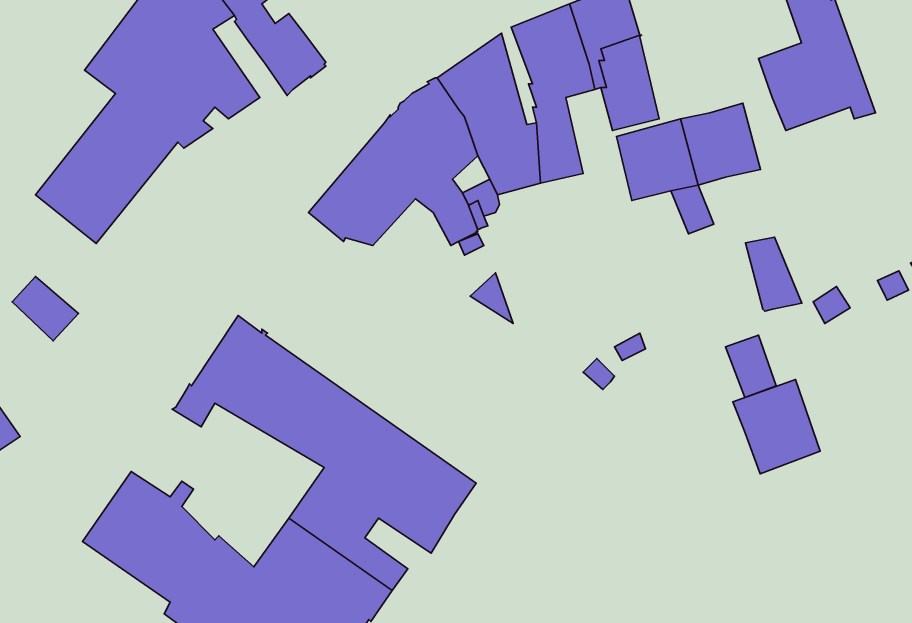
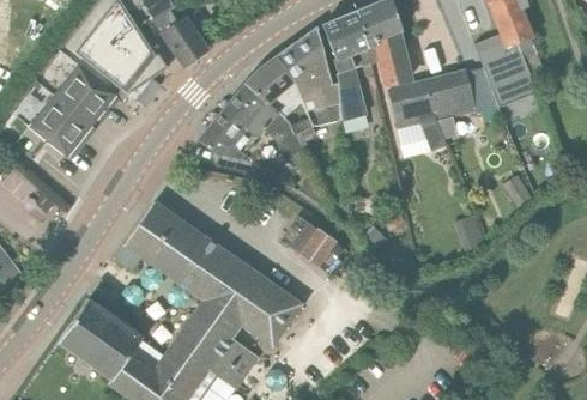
building: [745,237,802,311] -> [464,67,498,113]
building: none -> [288,222,337,268]
building: [733,380,820,474] -> none

